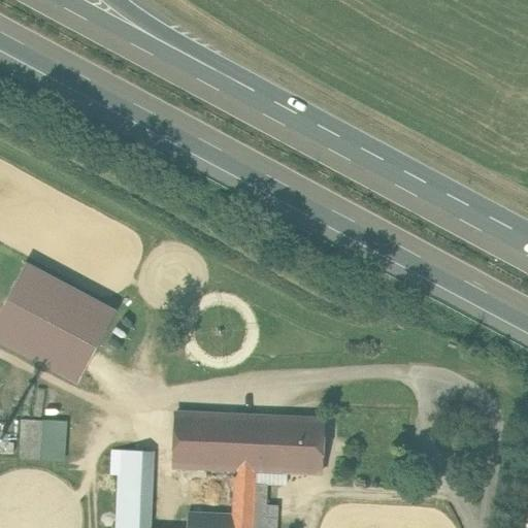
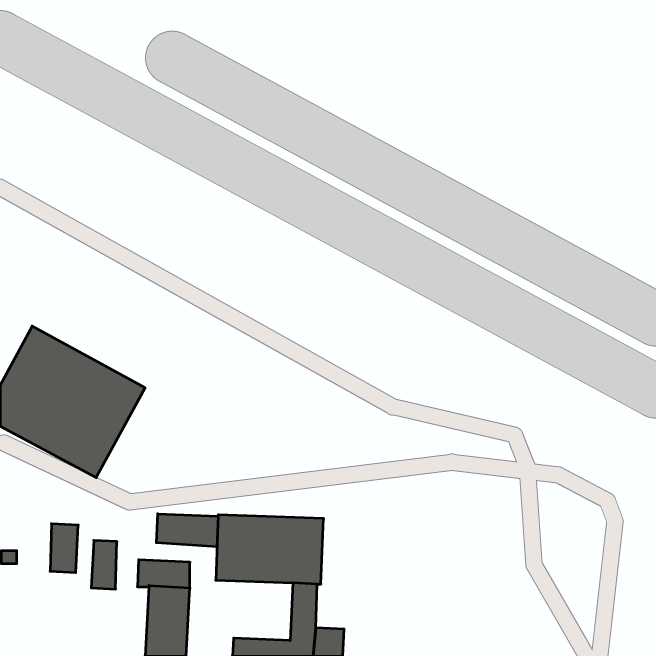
building: none -> [156,514,218,547]
building: [258,417,324,472] -> none
building: [21,420,41,459] -> [91,540,117,589]

